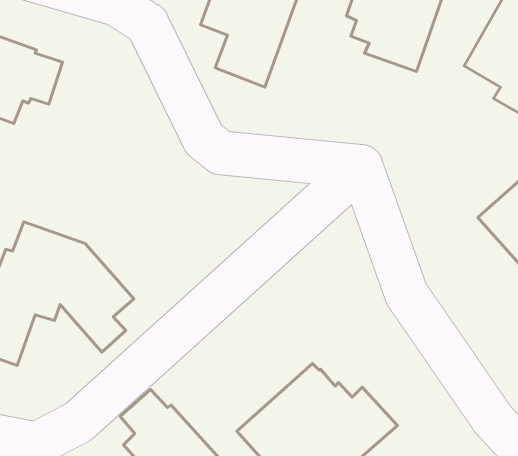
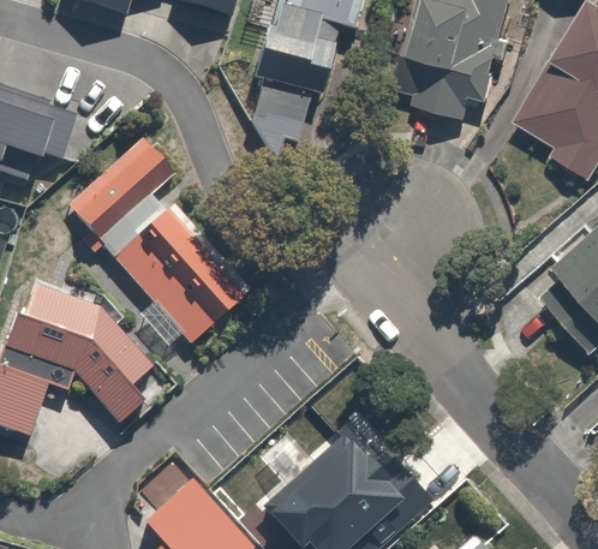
building: none -> [71,138,256,347]

